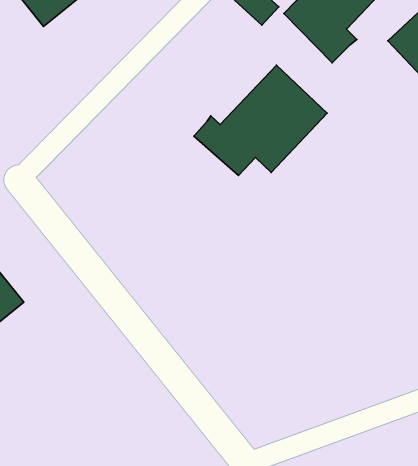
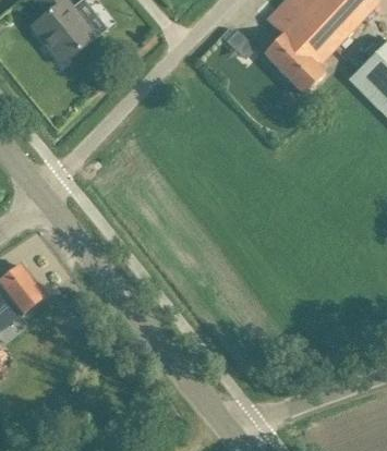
building: [194,65,327,176] -> none

